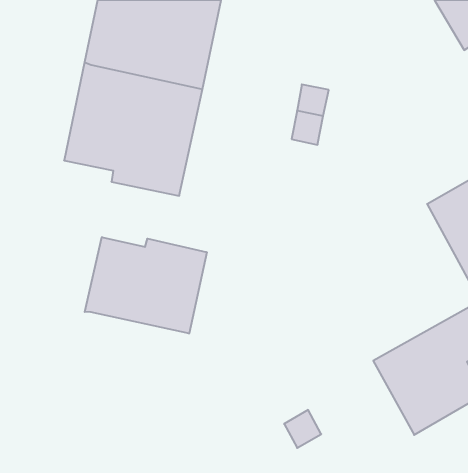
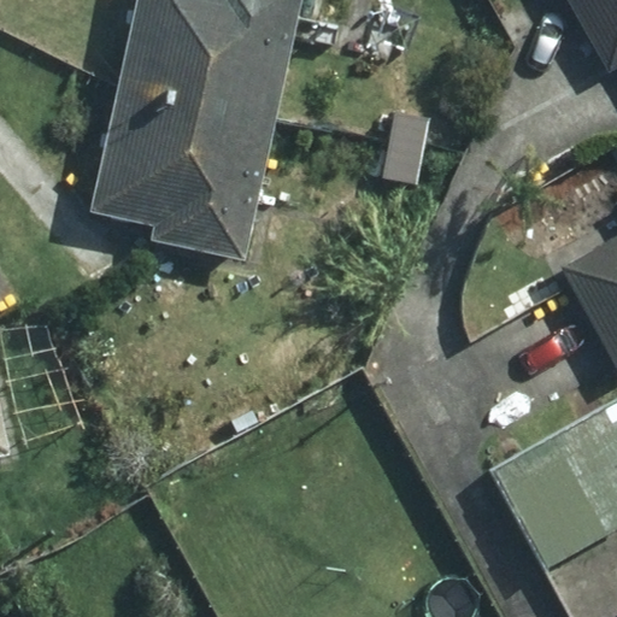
building: [85,237,207,334] -> none

